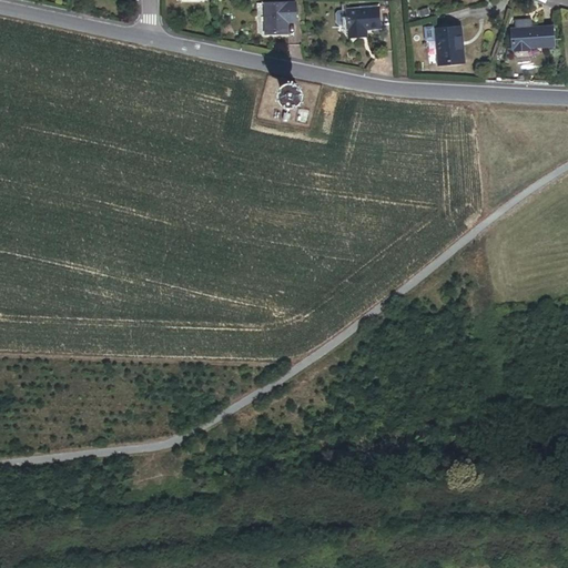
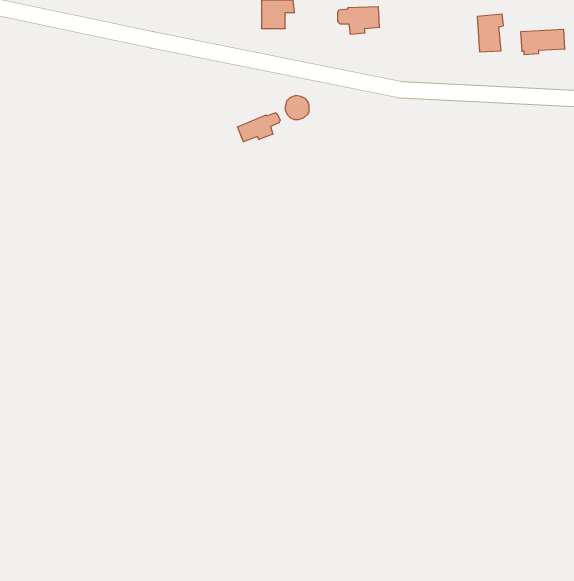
building: [439,28,465,64] -> [477,14,503,52]
building: none -> [237,113,280,142]

